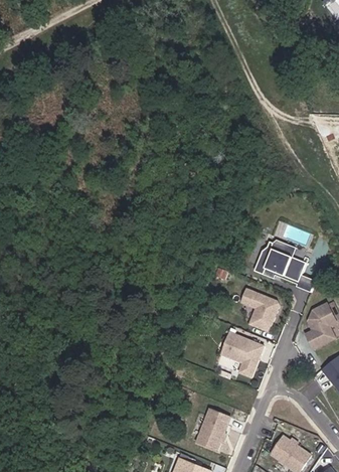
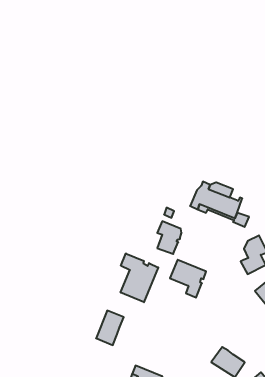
building: [249,290,279,329] -> [157,221,182,254]
building: none -> [121,253,158,302]
building: [196,408,229,449] -> [96,311,124,345]

